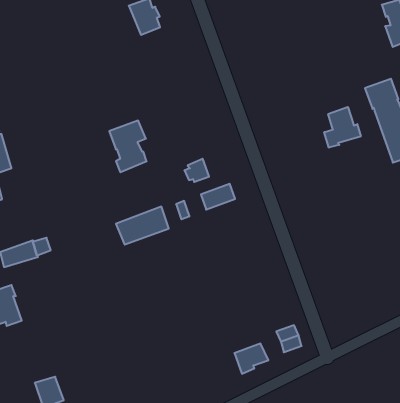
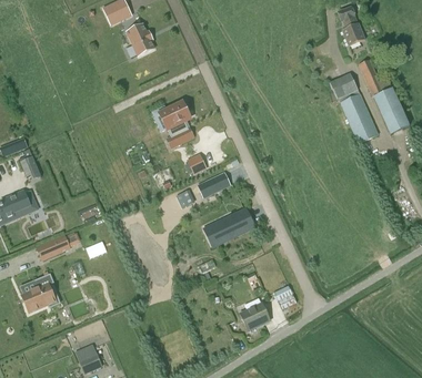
building: [324,107,361,148] -> none
building: [109,121,147,172] -> [159,103,192,147]
building: [116,207,169,245] -> [208,210,252,244]

